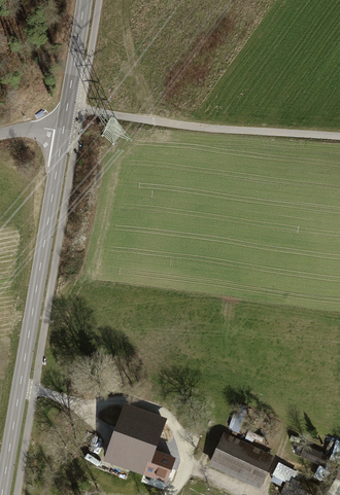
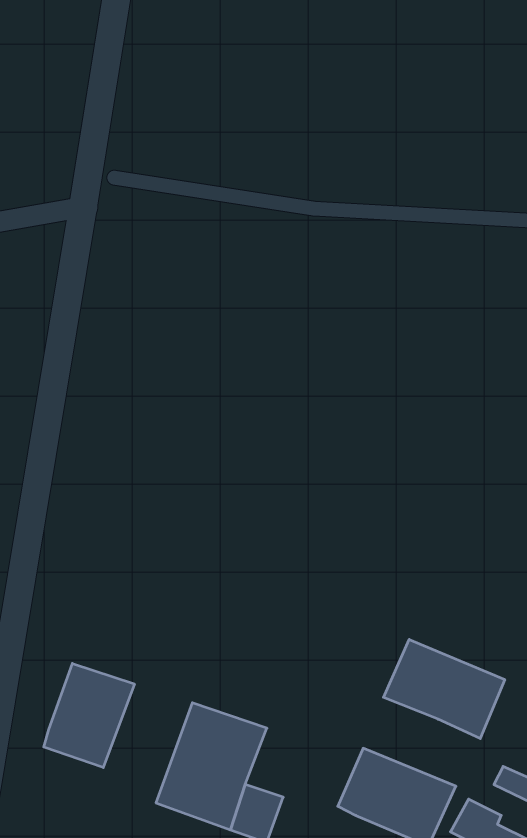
building: none -> [383,639,505,739]
building: none -> [44,663,134,768]

